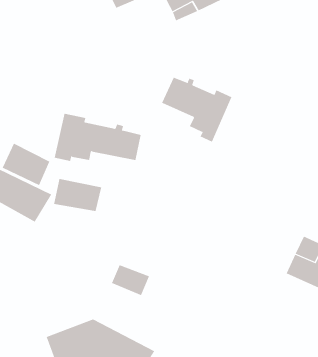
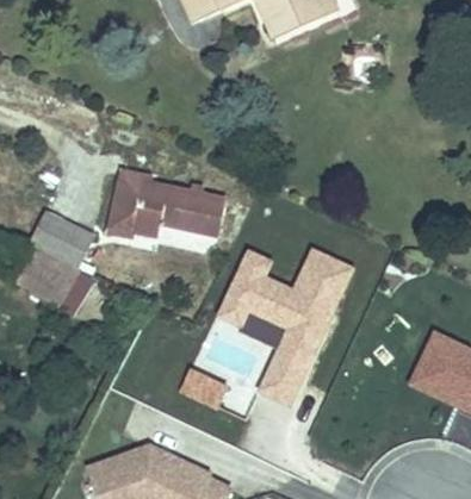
building: [162,77,232,142] -> none
building: none -> [222,250,354,403]
building: [53,178,102,212] -> none

